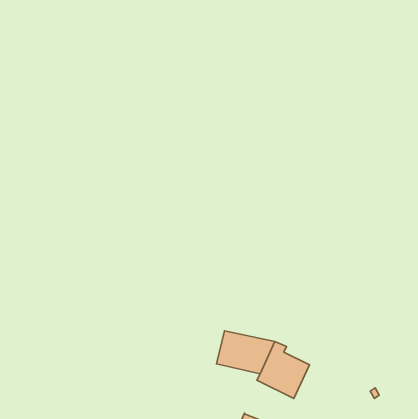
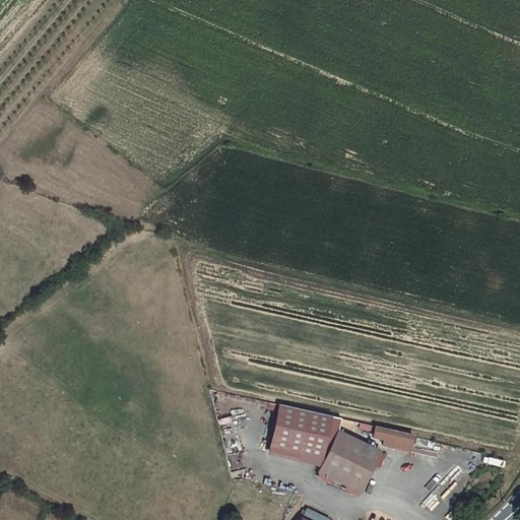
building: none -> [376,427,415,451]

